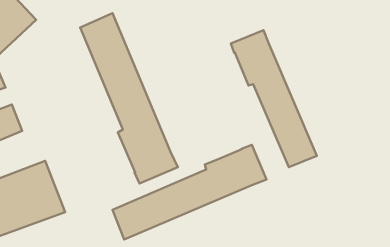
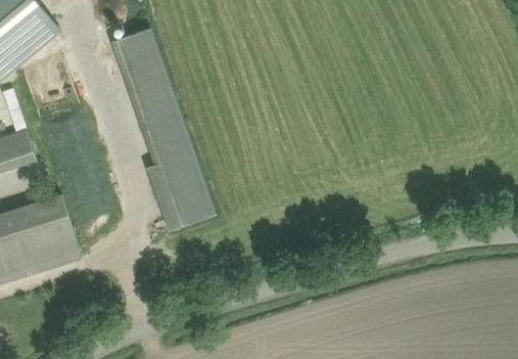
building: [231,30,317,167] -> none
building: [112,145,266,240] -> none

